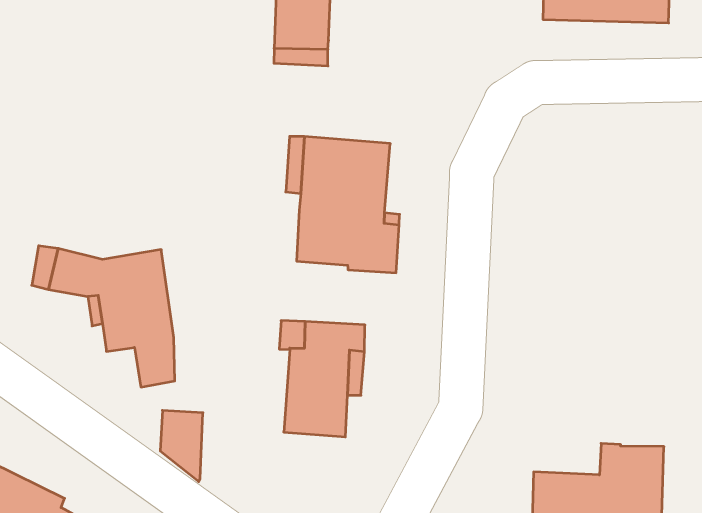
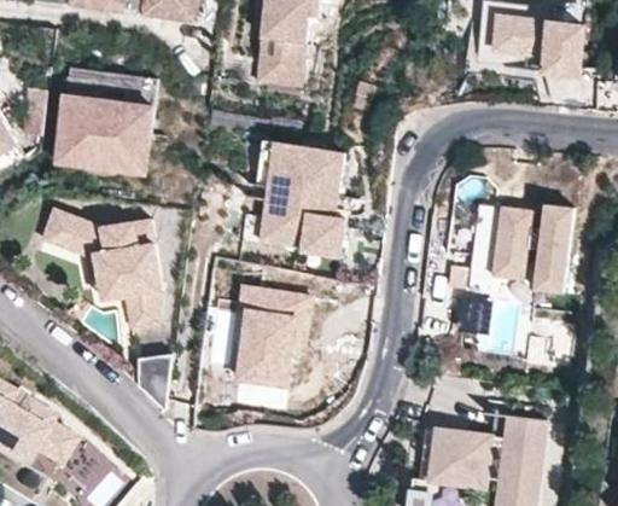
building: none -> [59,68,157,174]
building: none -> [490,204,570,293]

